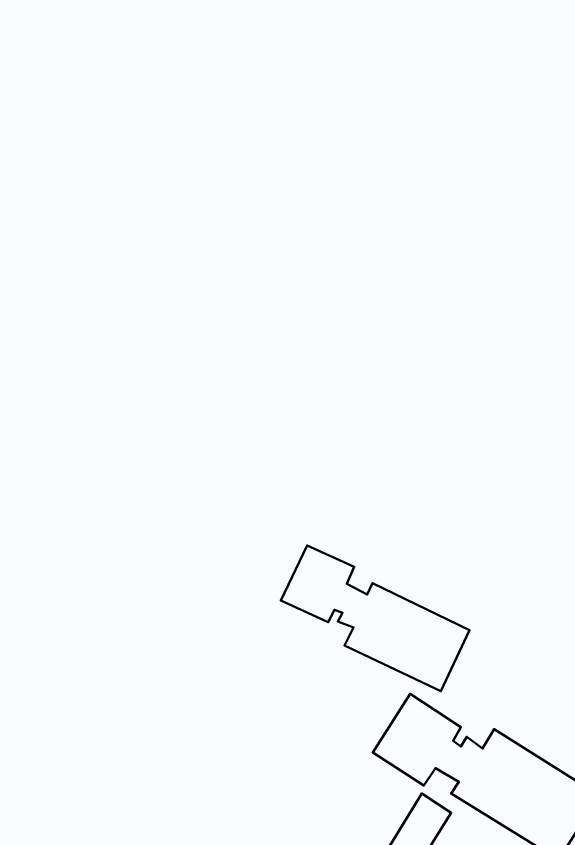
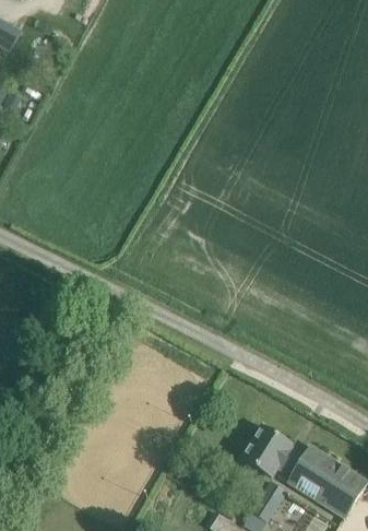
building: [281,545,470,691] -> none

